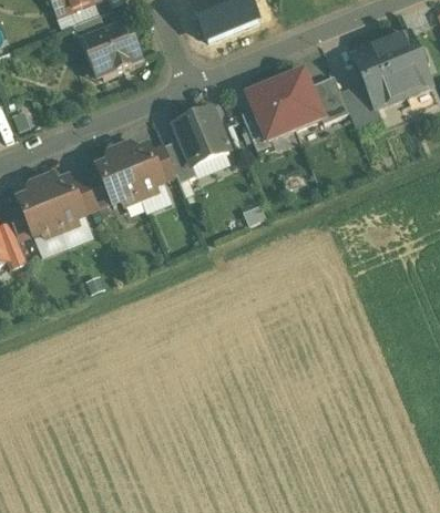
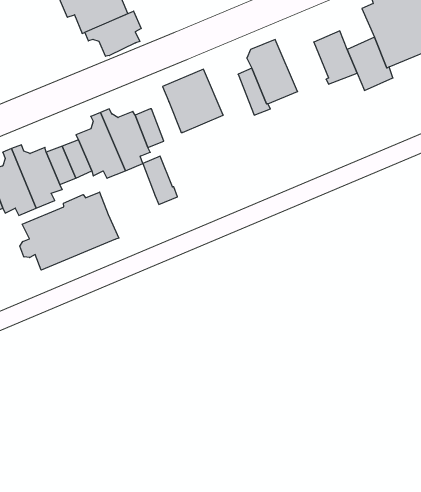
building: none -> [85,11,141,56]
building: [276,71,324,127] -> none
building: [165,136,196,179] -> [143,156,177,204]
building: none -> [20,192,119,270]

